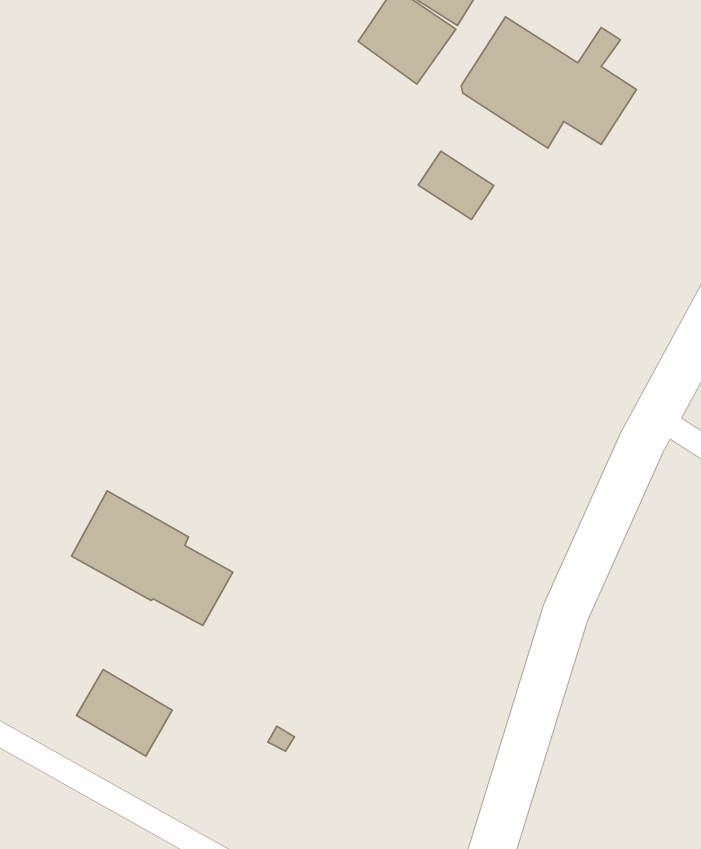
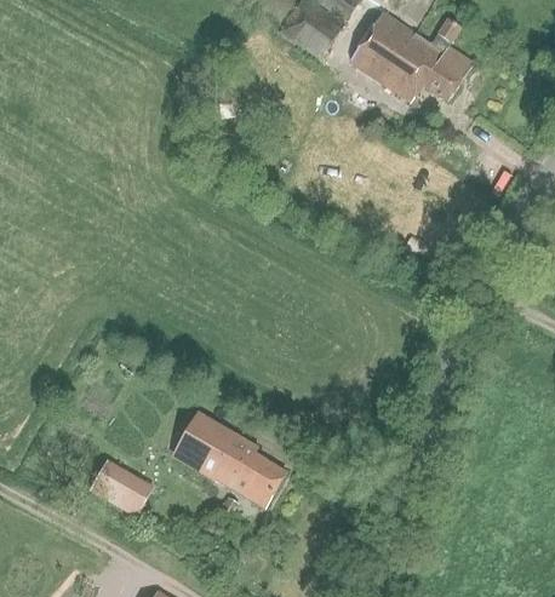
building: [418,151,494,219] -> none
building: [72,491,233,625] -> [174,414,285,506]

